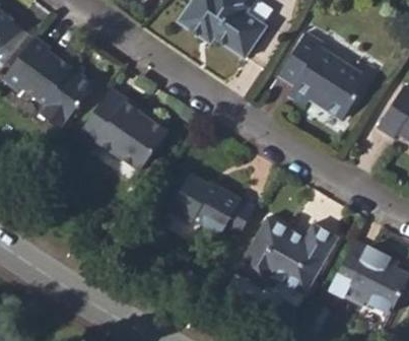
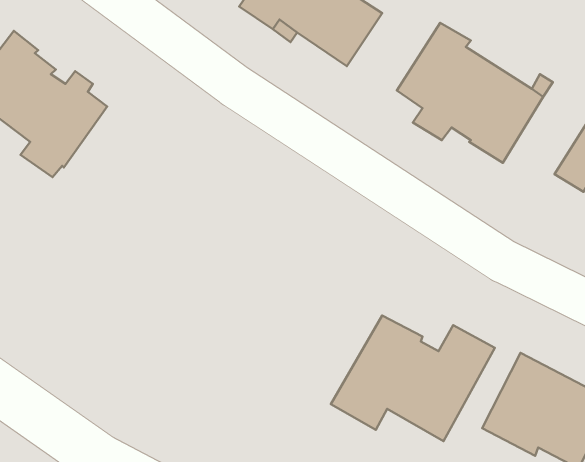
building: [77,87,169,172] -> none
building: [168,173,256,236] -> none

